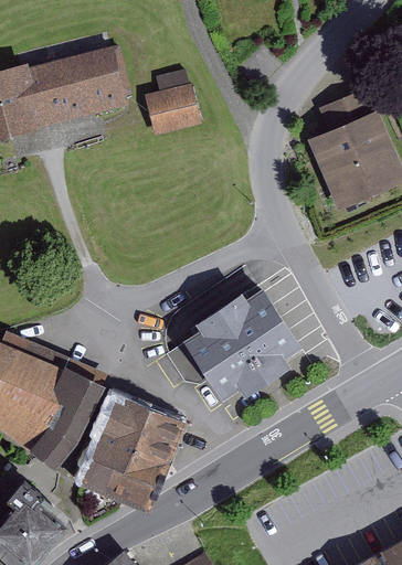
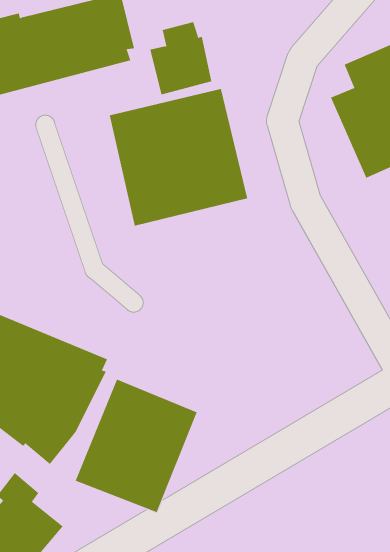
building: none -> [109,88,248,227]
building: [167,287,304,402] -> none

